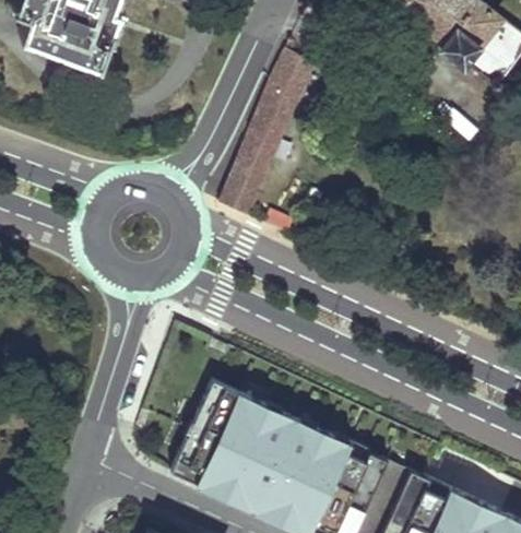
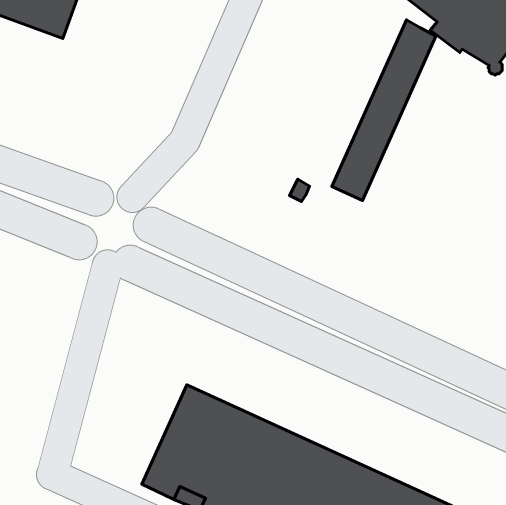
building: [217,50,313,217] -> [332,20,436,201]

